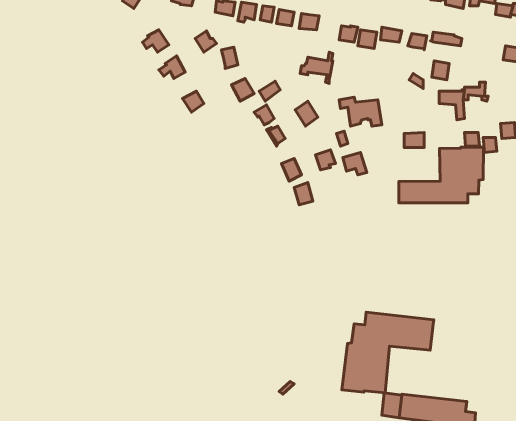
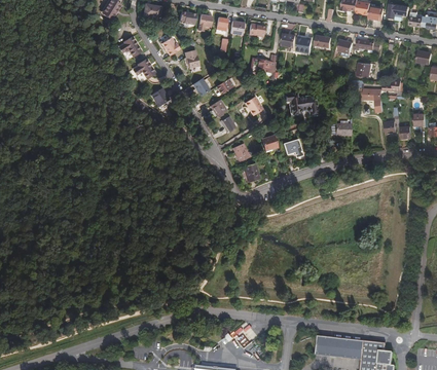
building: [399,147,483,203] -> none
building: [342,312,434,393] -> none

